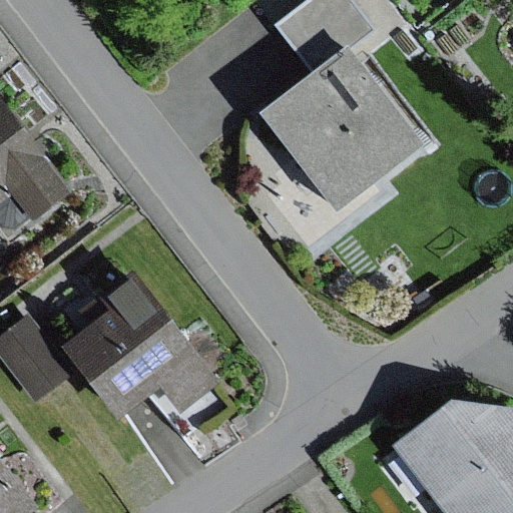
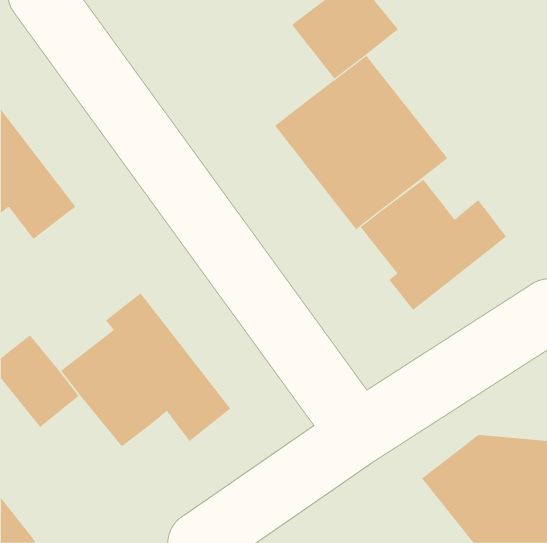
building: none -> [360,179,507,311]

